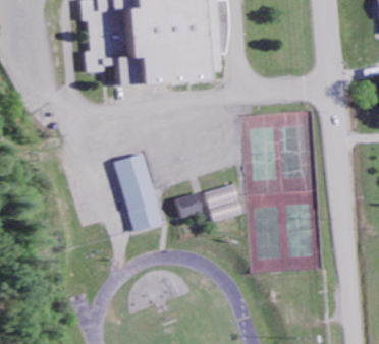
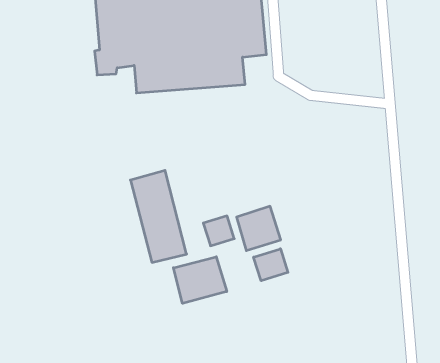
building: none -> [254,249,288,281]
building: none -> [173,257,227,303]

